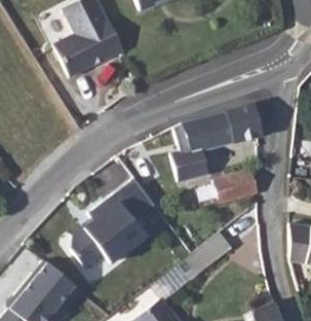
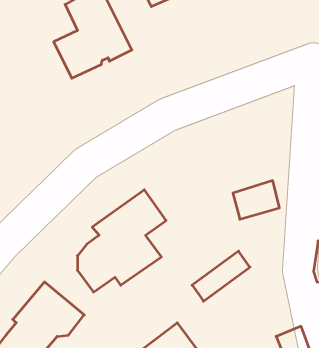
building: [170,107,260,182] -> none

